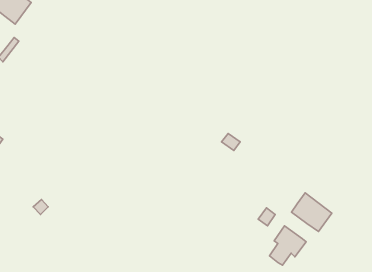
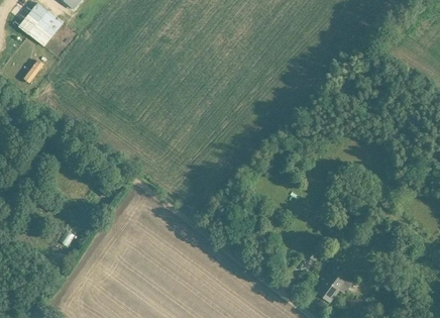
building: [291,193,332,231] -> none

